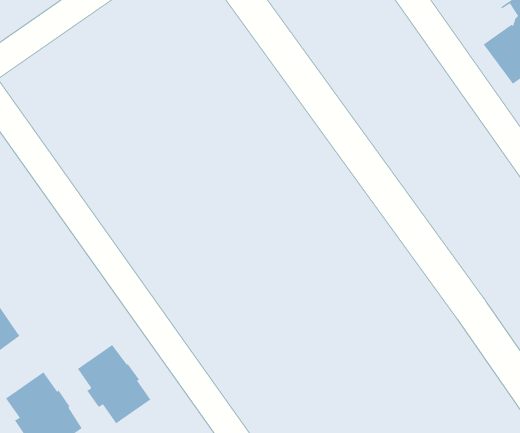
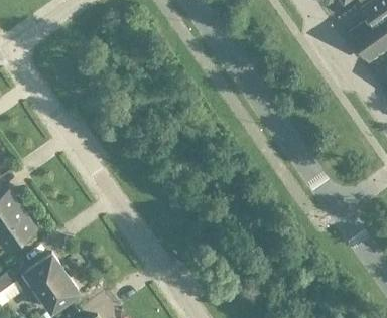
building: [77,344,151,424] -> none

